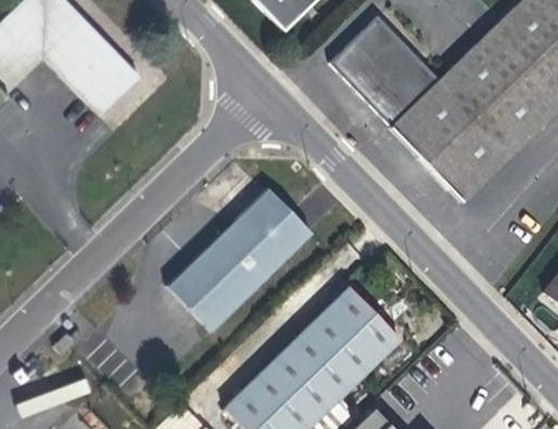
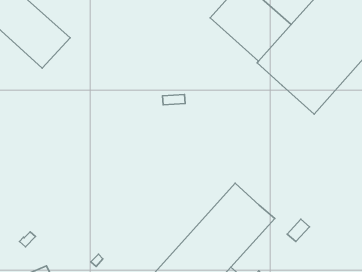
building: [167,187,313,331] -> none

